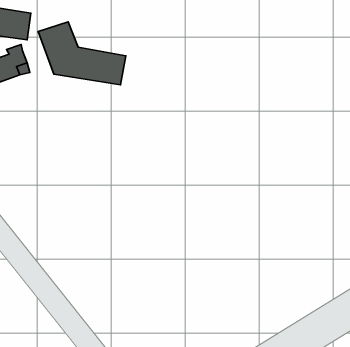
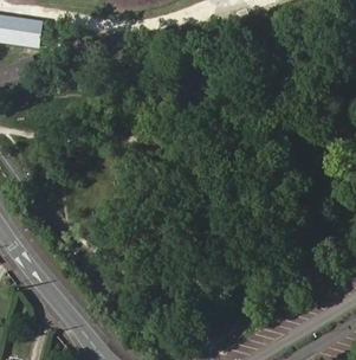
building: [38,22,126,85] -> none

